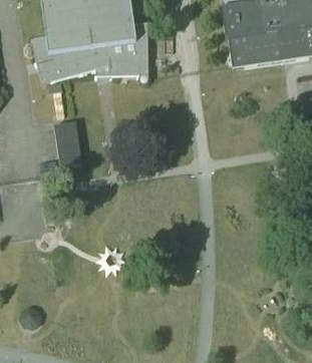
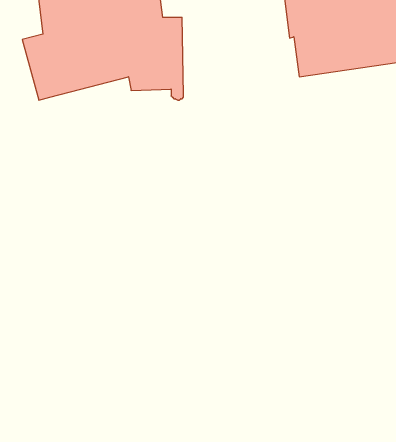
building: [53,121,81,166] -> none

